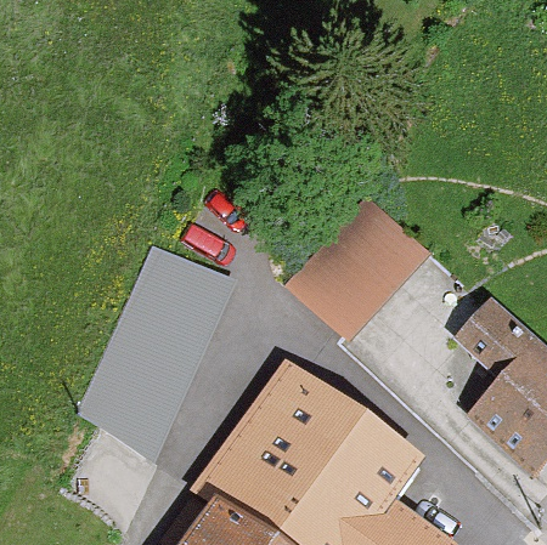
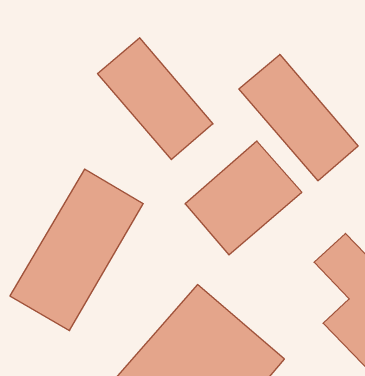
building: none -> [98,38,213,160]
building: none -> [239,54,358,181]

